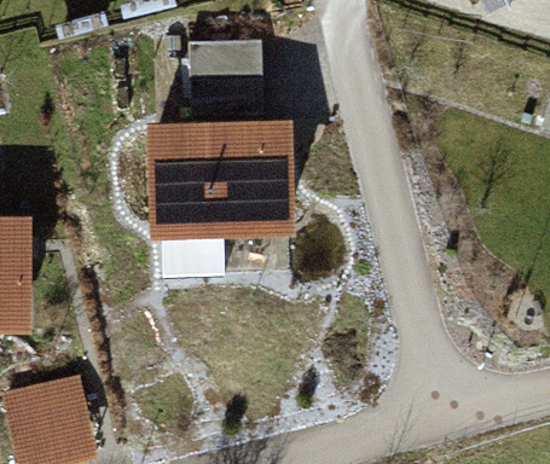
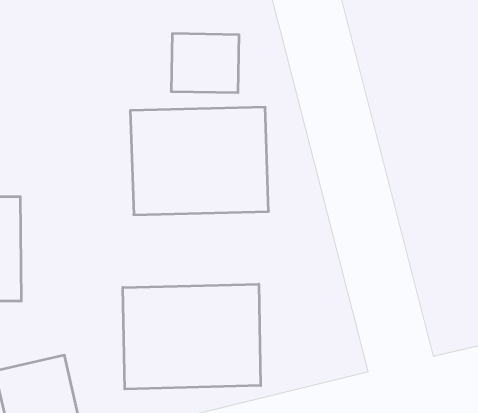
building: none -> [123,284,261,389]

